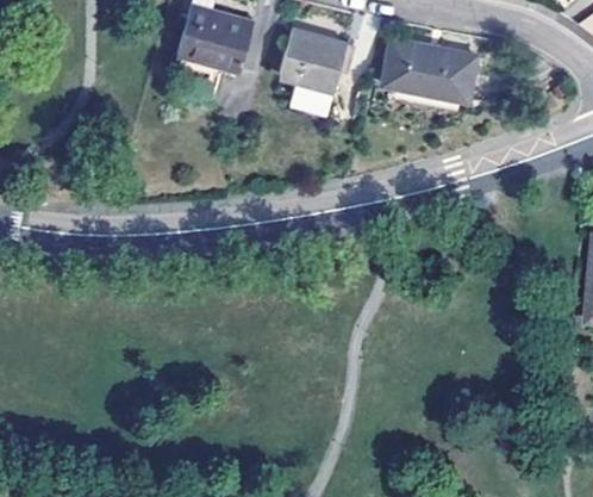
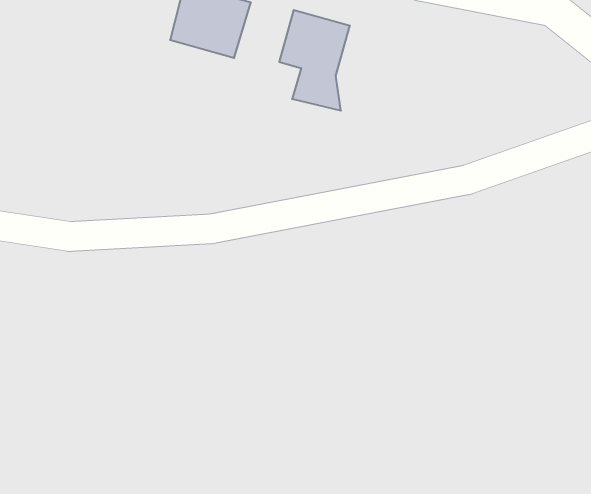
building: [382,37,476,102] -> none

